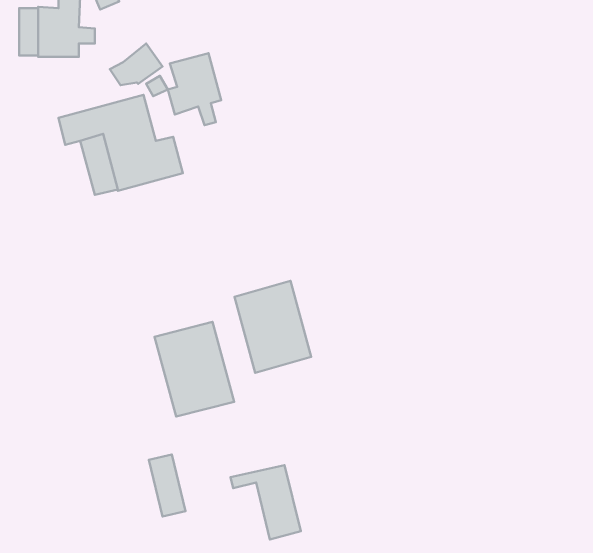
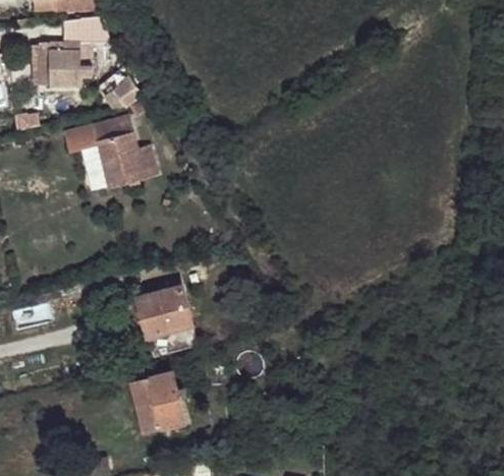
building: [168,53,221,125] -> none
building: [235,281,311,373] -> none
building: [230,465,301,539] -> [130,371,183,427]

